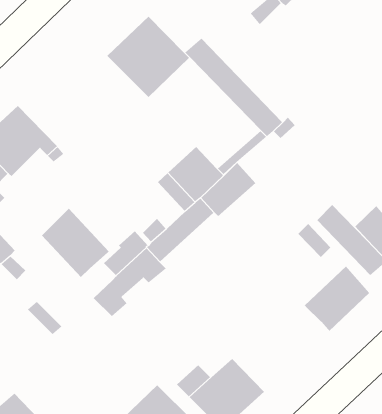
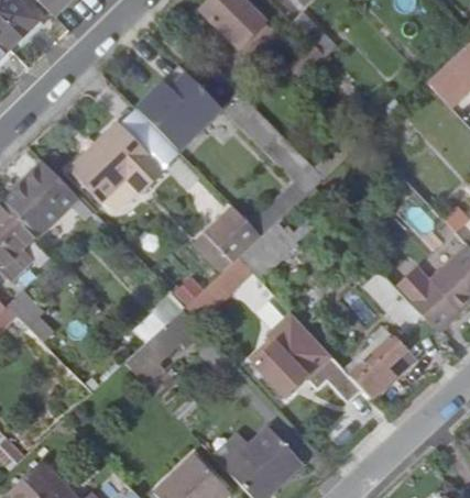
building: none -> [69,121,167,203]
building: [41,208,110,278] -> none
building: none -> [248,312,361,402]

